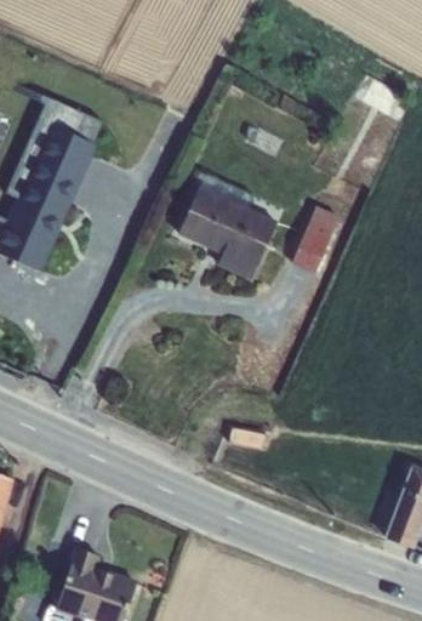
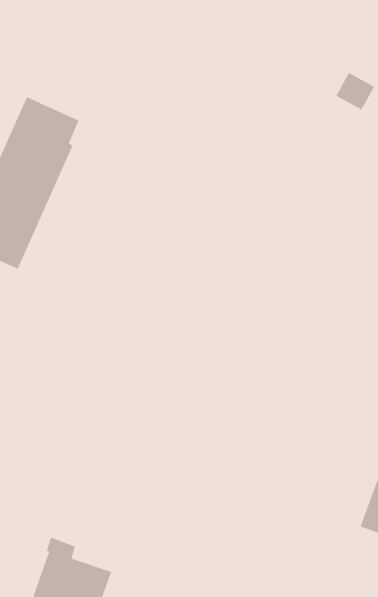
building: [176,186,275,279] -> none
building: [290,209,336,272] -> none

